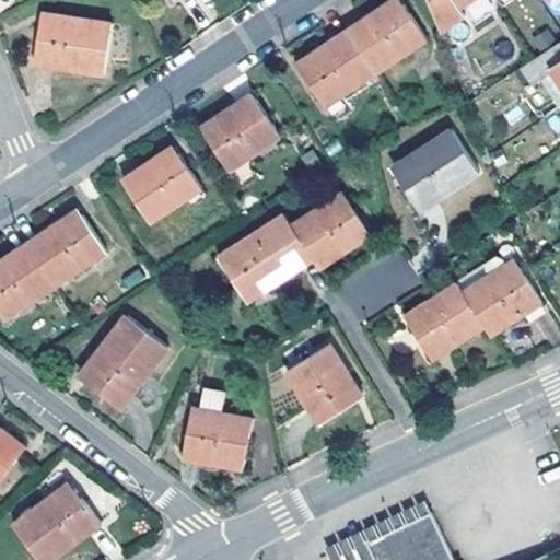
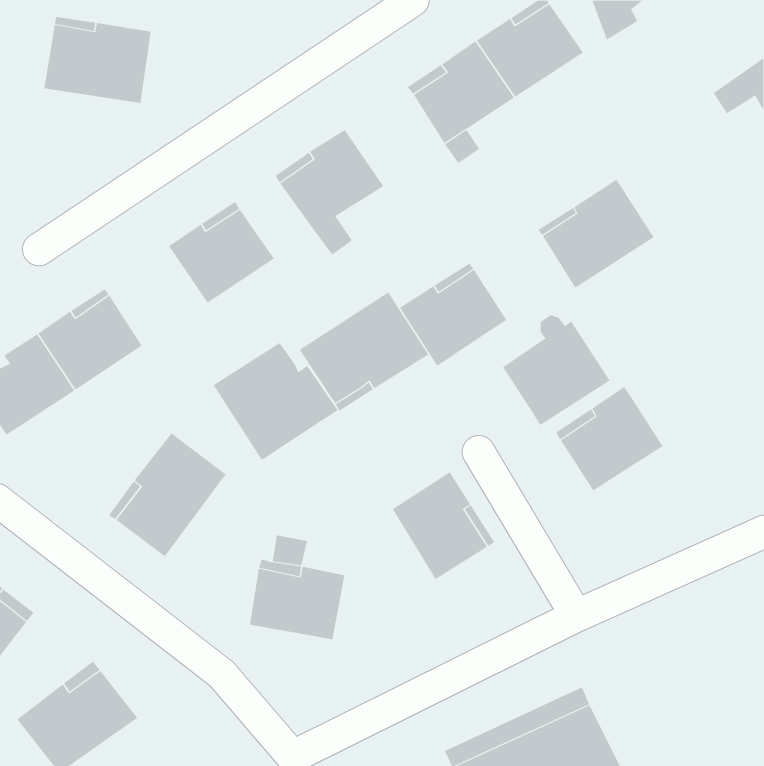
building: none -> [213,342,339,461]
building: [462,254,540,335] -> [502,315,610,426]

